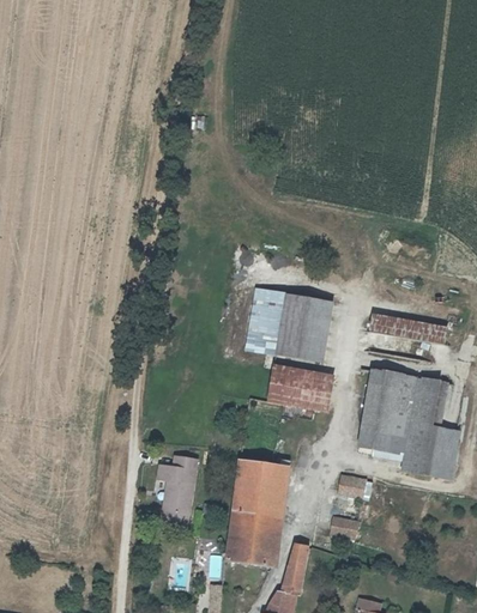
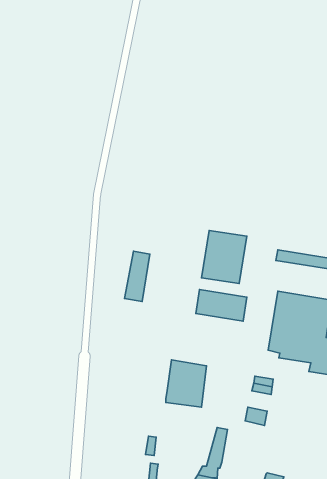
building: [255,291,286,353] -> [125,251,150,301]
building: [157,454,197,521] -> none
building: [225,508,277,562] -> none

